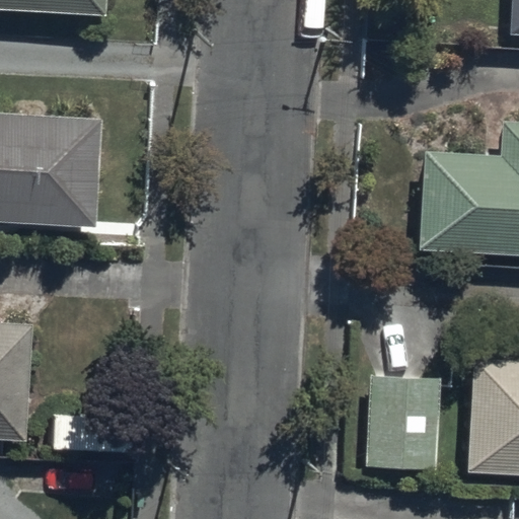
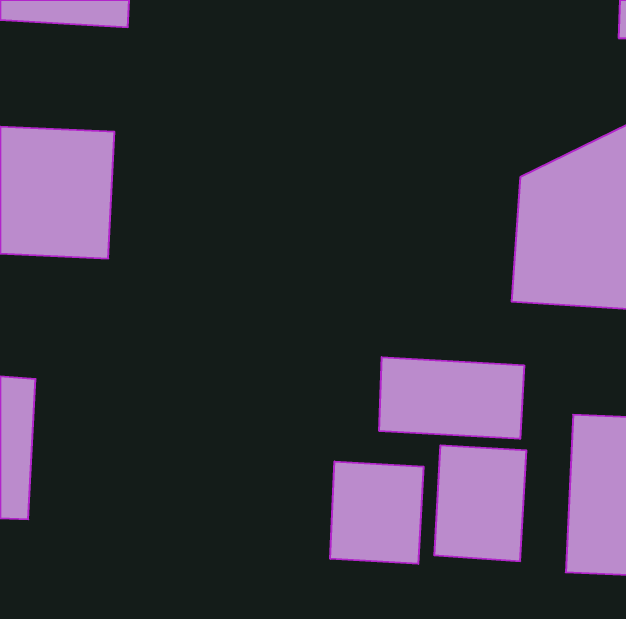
building: none -> [379,357,524,439]
building: none -> [330,461,424,564]

